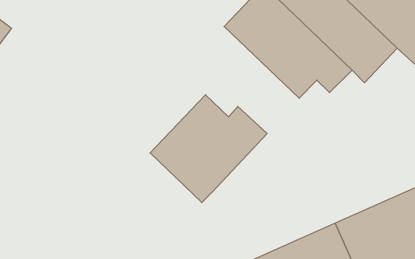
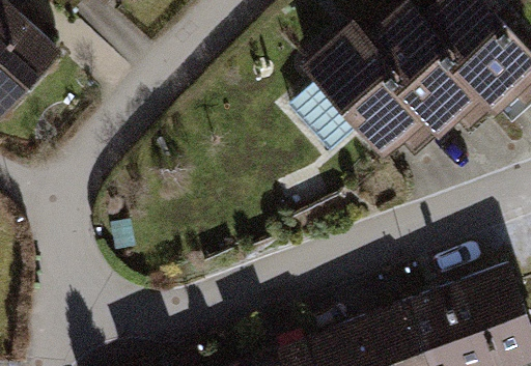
building: [150,95,267,203] -> none

